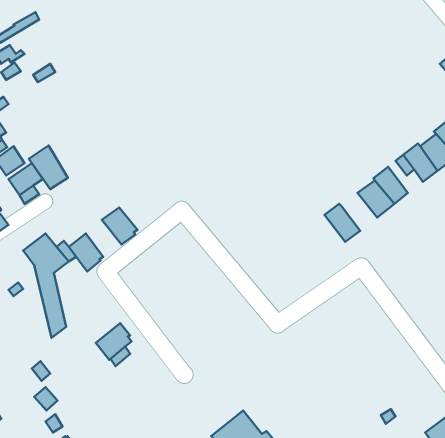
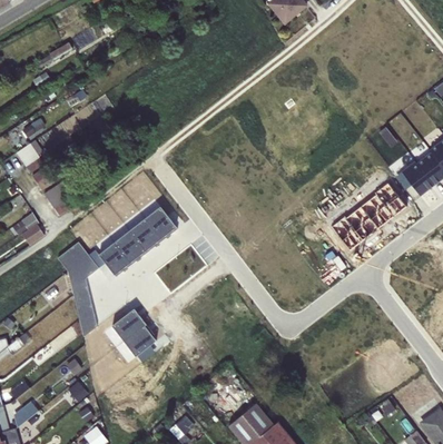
building: [29,145,68,189] -> none
building: none -> [345,205,377,239]
building: none -> [144,206,176,238]
building: none -> [114,229,146,263]
building: none -> [111,308,145,341]

